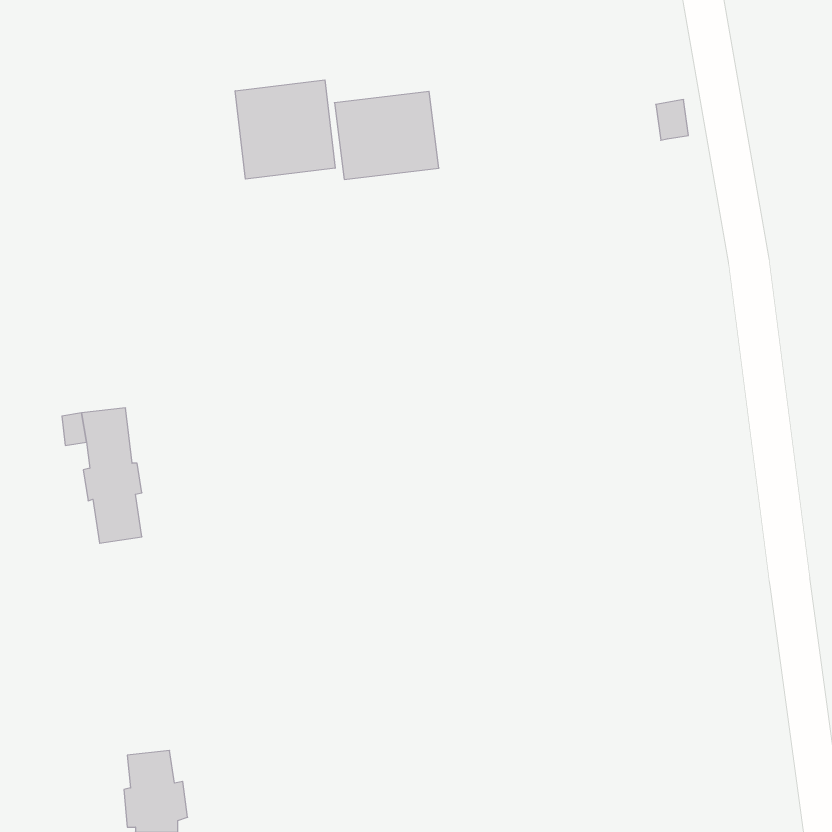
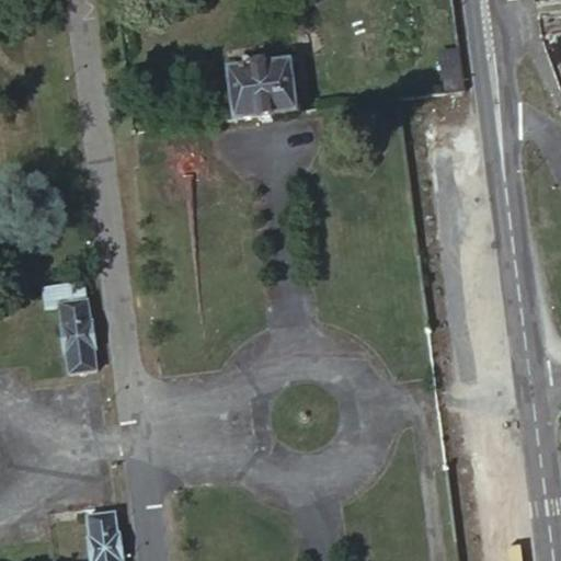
building: [235,80,335,179] -> none

